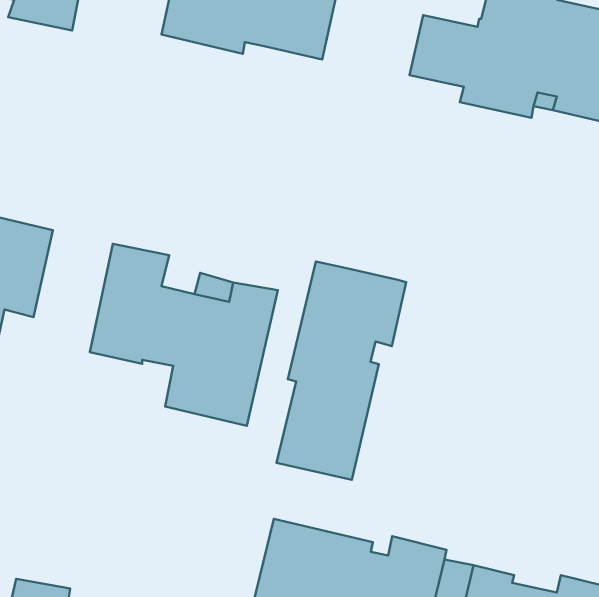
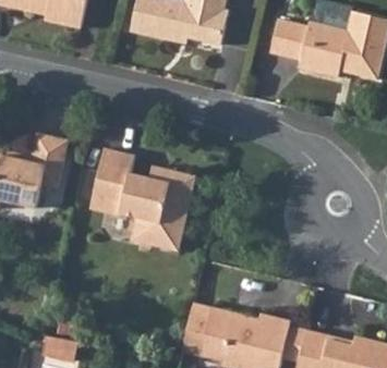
building: [276,261,406,480] -> none

